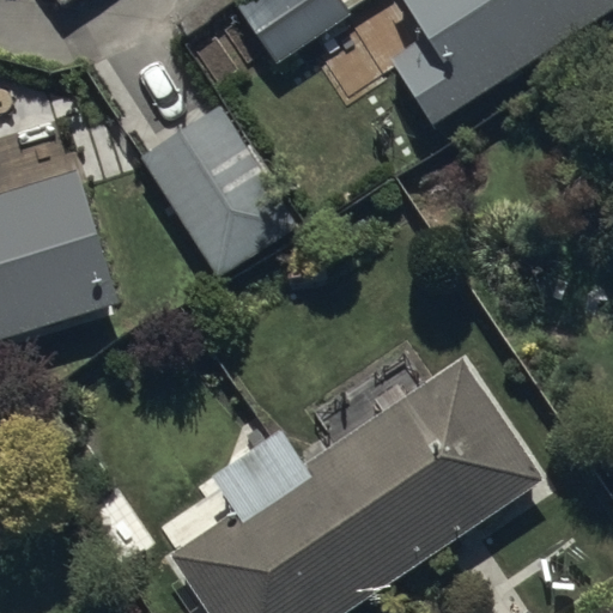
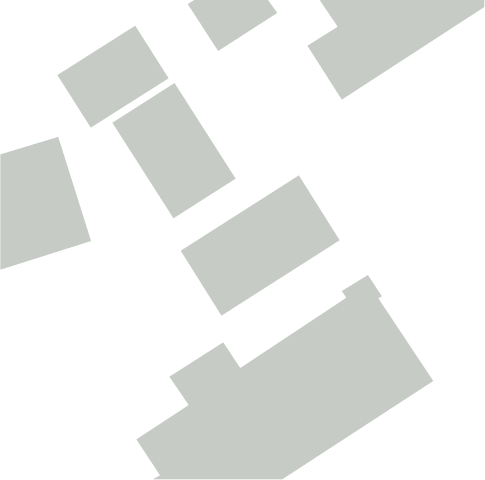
building: none -> [56,24,170,129]
building: none -> [179,174,341,317]

